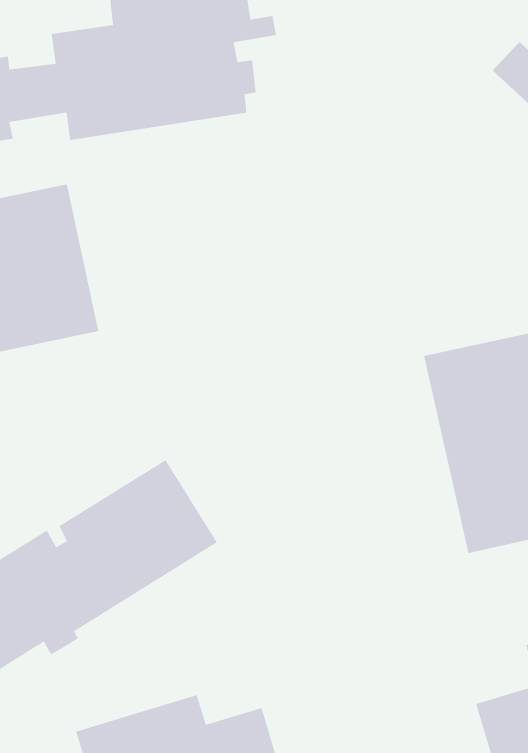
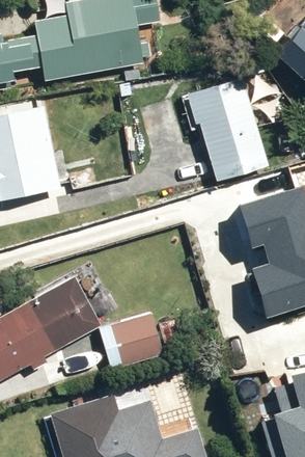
building: none -> [184,77,269,183]
building: none -> [100,315,162,370]

